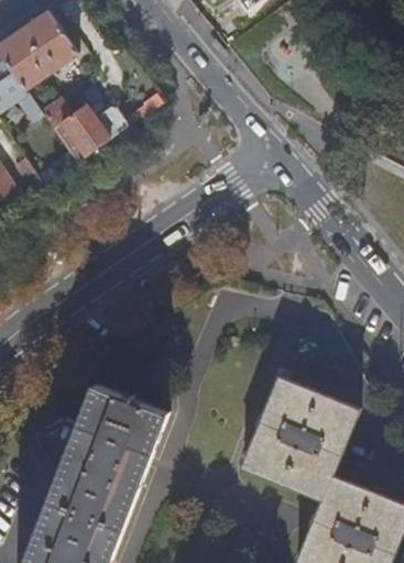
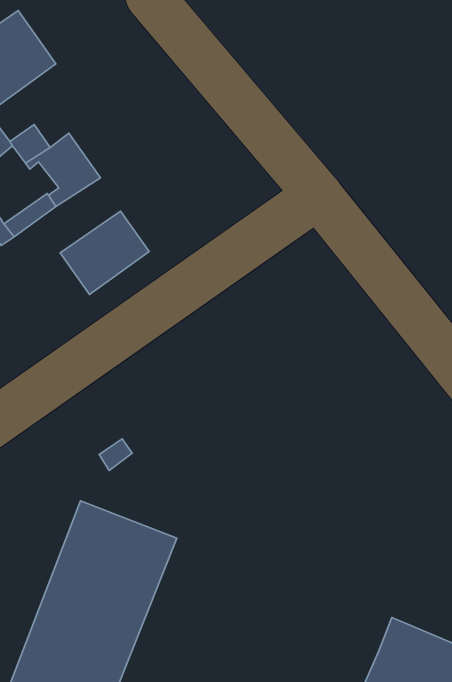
building: none -> [60,211,149,295]
building: [241,377,360,499] -> none

